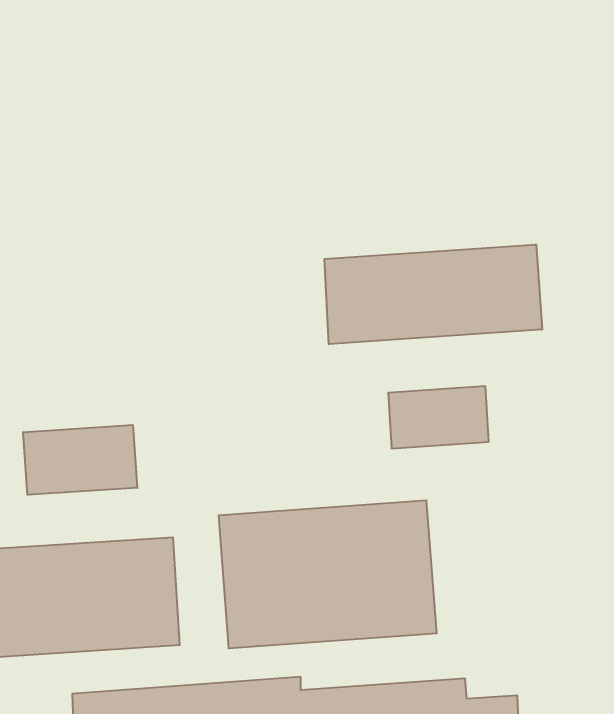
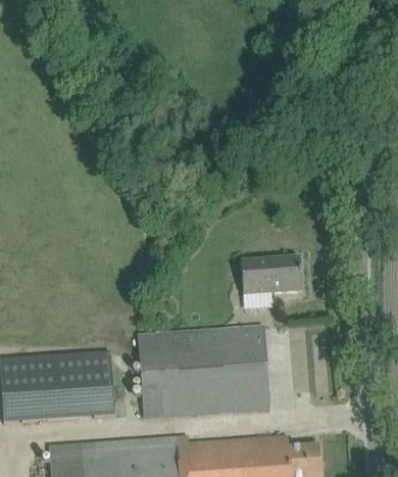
building: [325,244,542,344] -> none
building: [23,425,137,495] -> none

